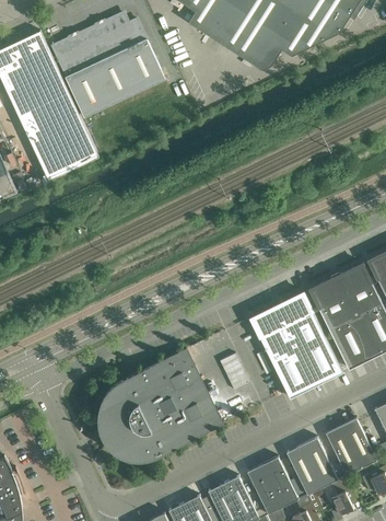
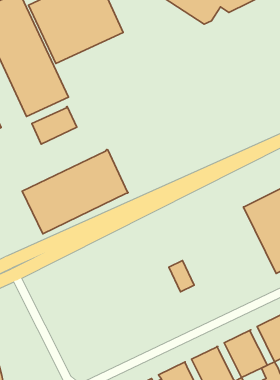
building: none -> [32,106,77,144]
building: none -> [22,149,128,234]
building: [249,291,342,396] -> none
building: [98,348,222,458] -> none

